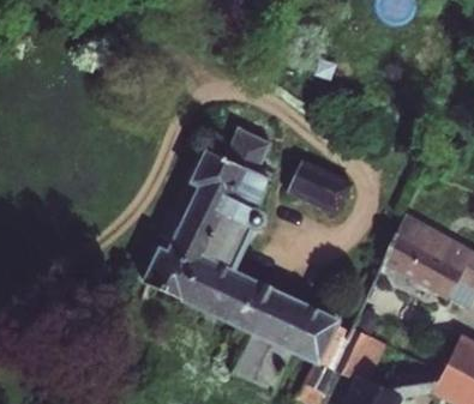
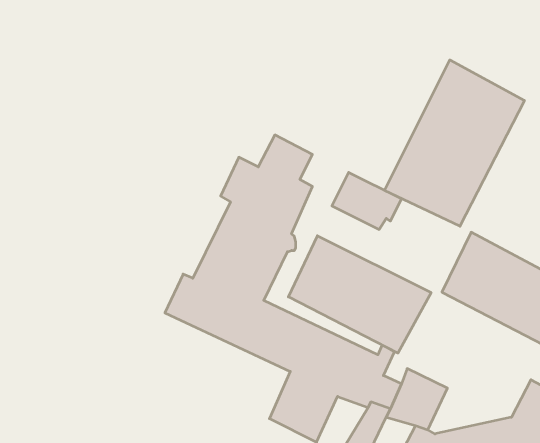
building: none -> [385,60,524,226]
building: none -> [288,236,431,353]

